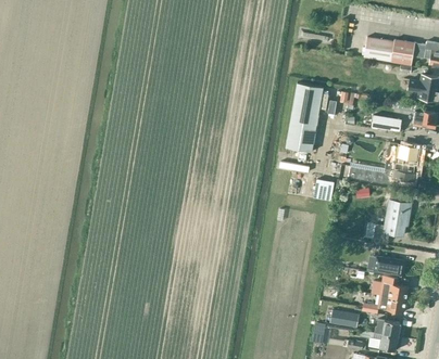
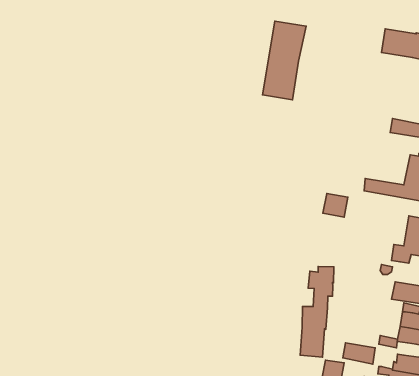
building: [286,82,324,151] -> [263,21,306,100]
building: none -> [300,266,334,357]

